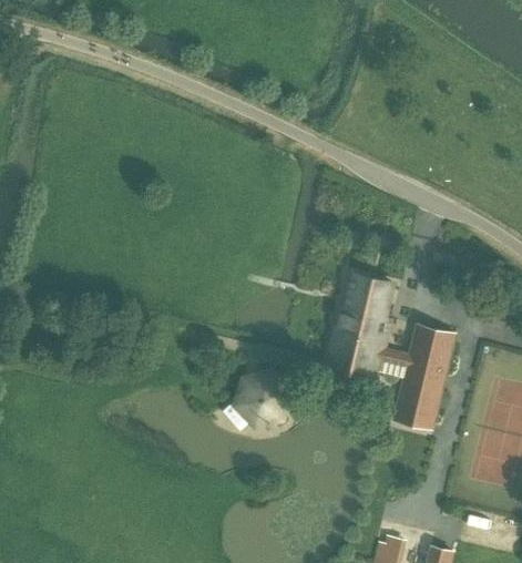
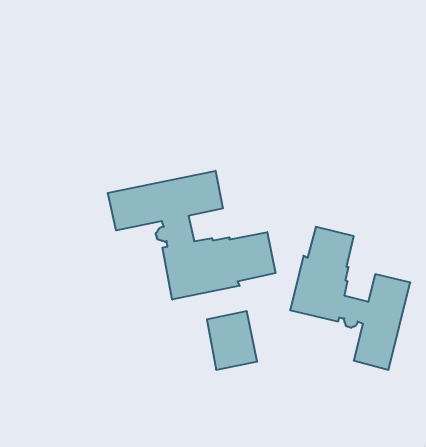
building: none -> [108,171,276,300]

